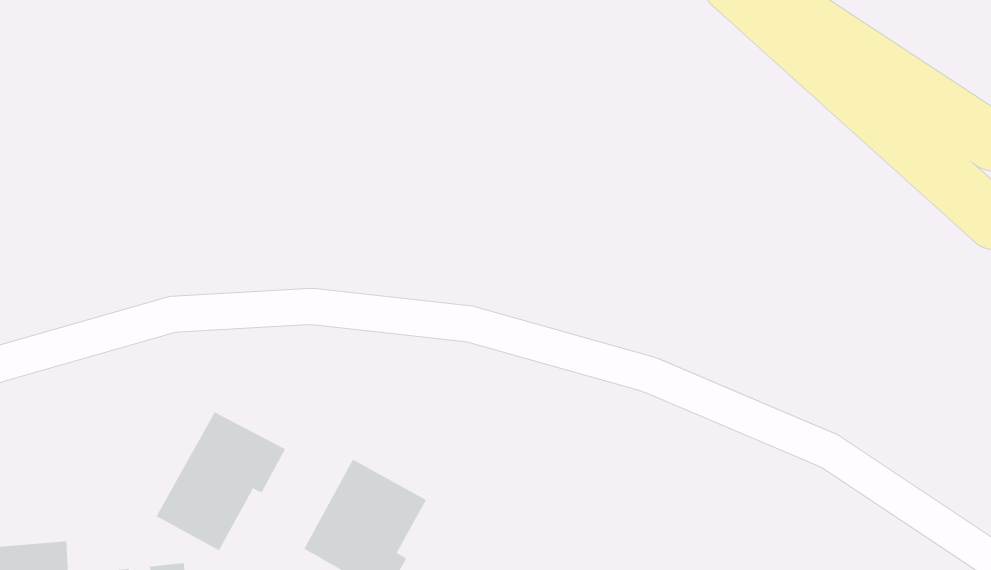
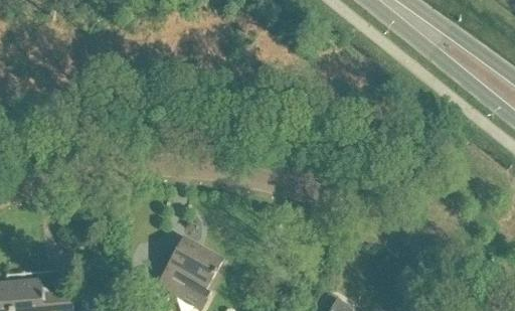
building: [156,411,286,551] -> none

